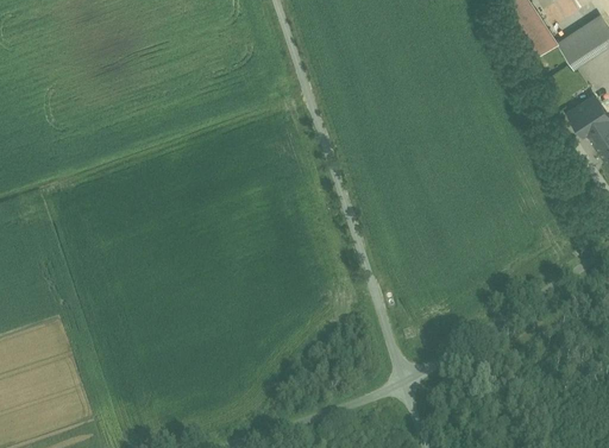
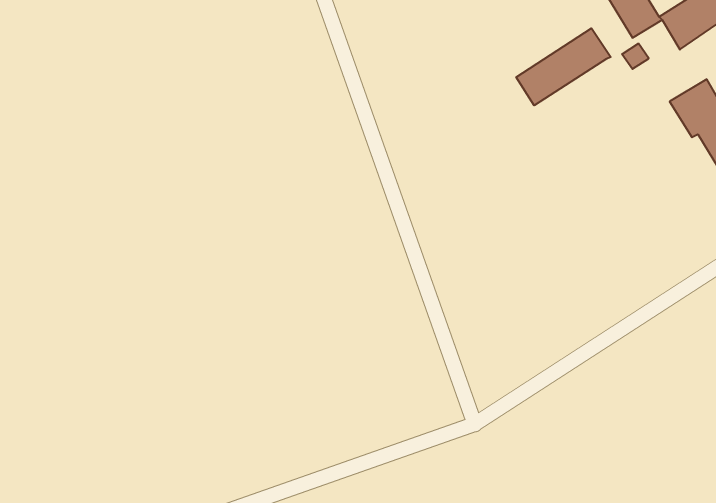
building: none -> [516,28,611,105]

